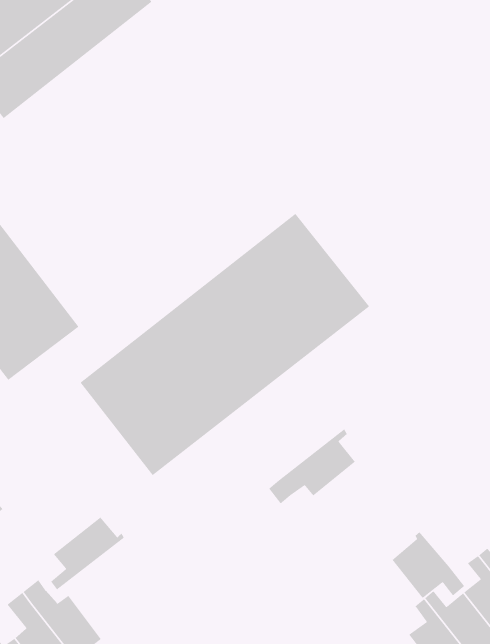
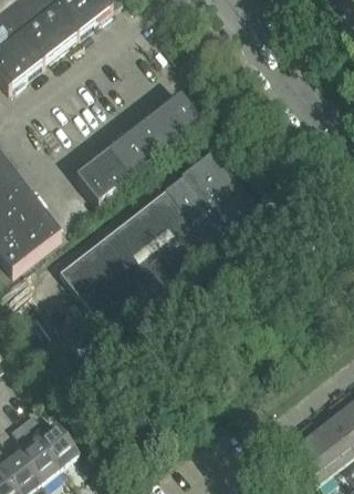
building: none -> [75,92,201,203]
building: [268,428,356,505] -> none
building: [50,516,125,590] -> none
building: [391,531,465,598] -> none

